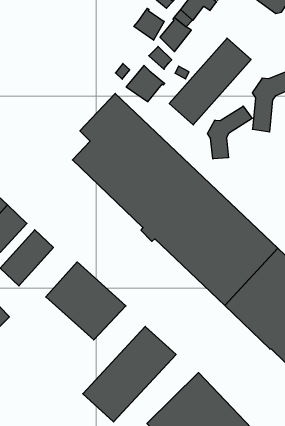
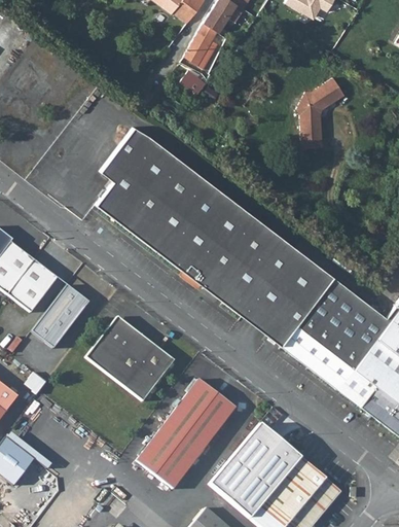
building: [134,8,164,40] -> none
building: [169,38,251,125] -> none
building: [126,65,165,102] -> none
building: [208,106,252,159] -> none

